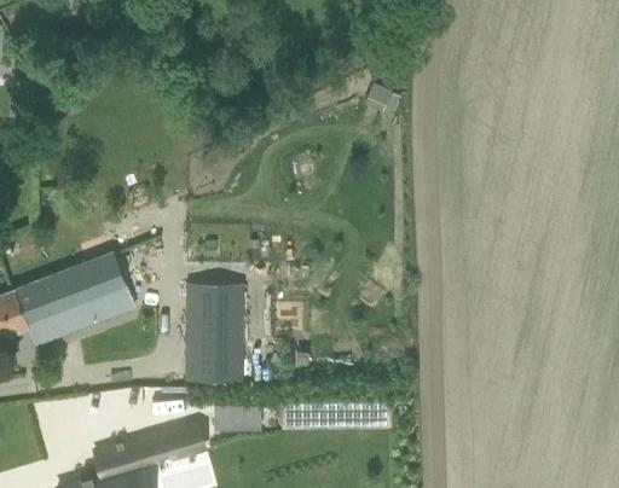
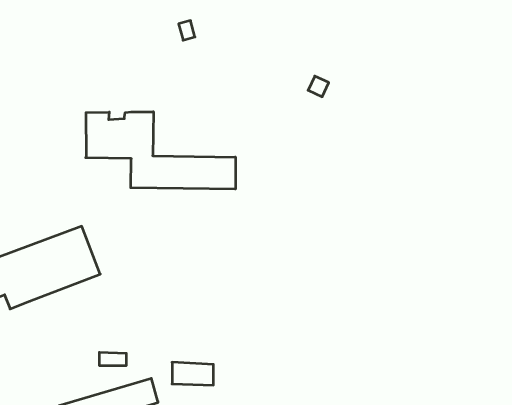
building: none -> [86,112,236,189]
building: [187,283,244,382] -> none

